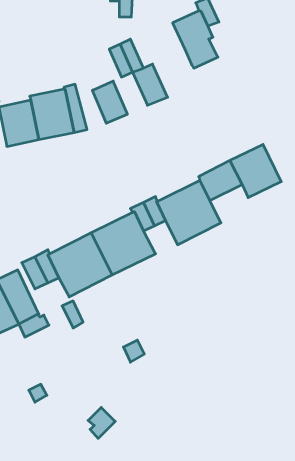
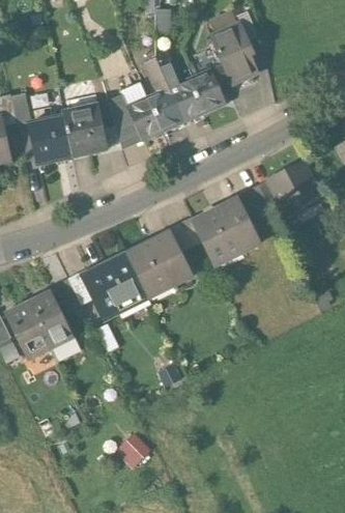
building: none -> [189,63,229,113]
building: none -> [148,87,183,131]
building: none -> [109,94,141,148]

